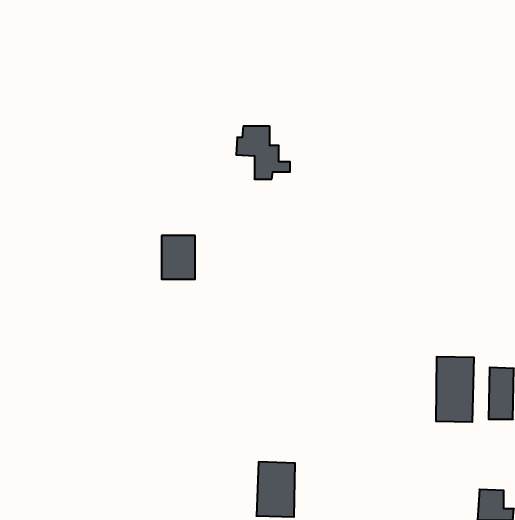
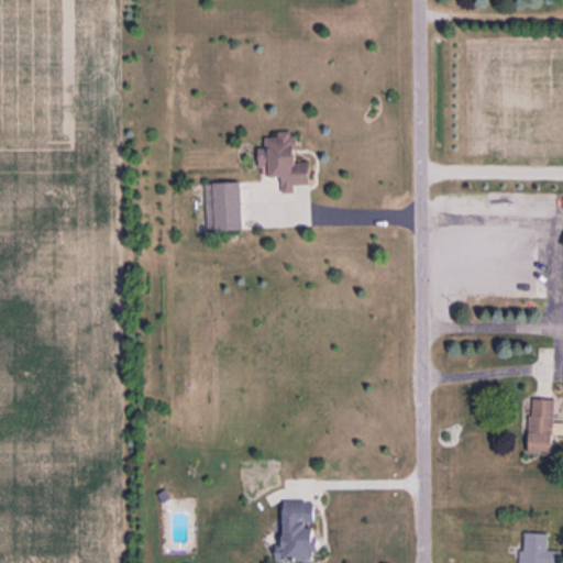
building: [162,236,195,279] -> [206,184,242,231]
building: [436,357,474,422] -> none

